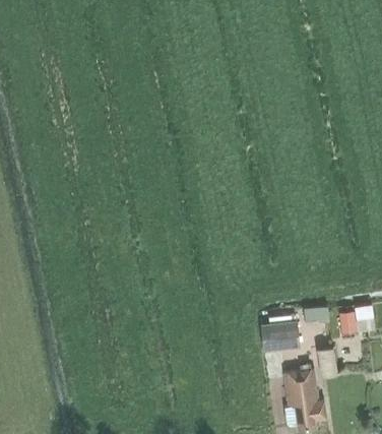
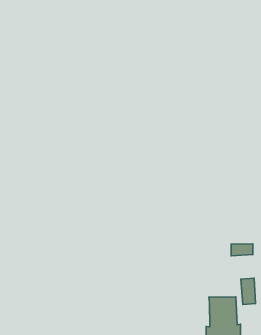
building: [261,320,300,352] -> none

